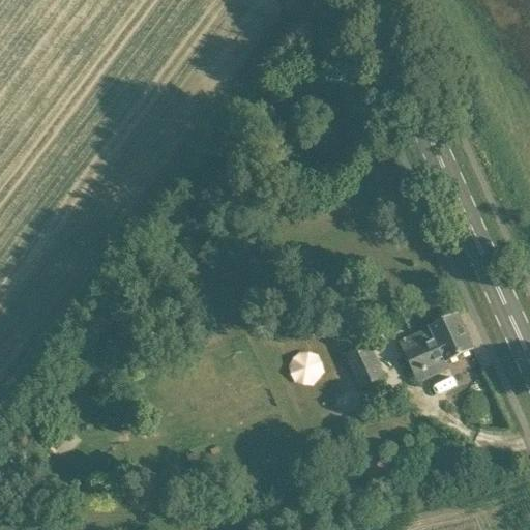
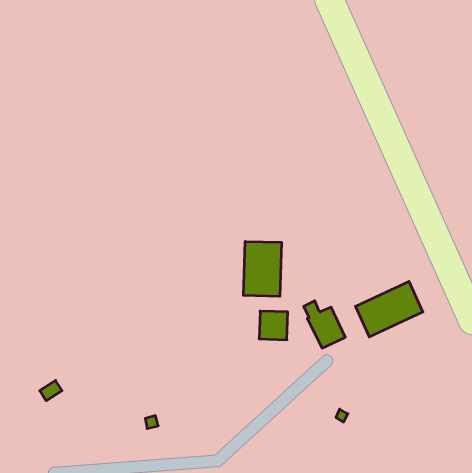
building: none -> [243,241,281,296]

